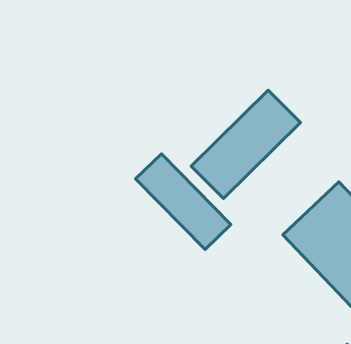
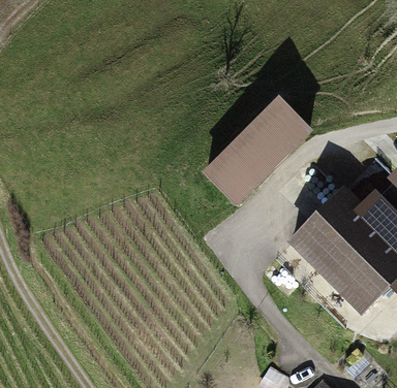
building: [136,154,231,250] -> none

